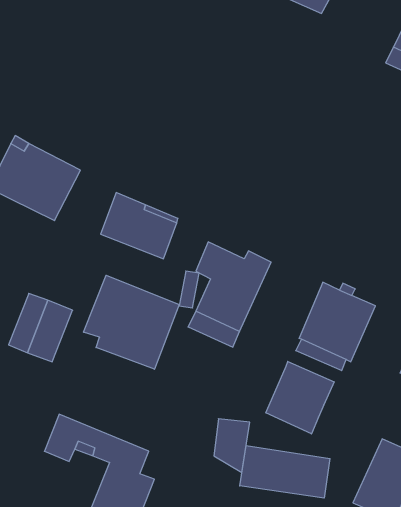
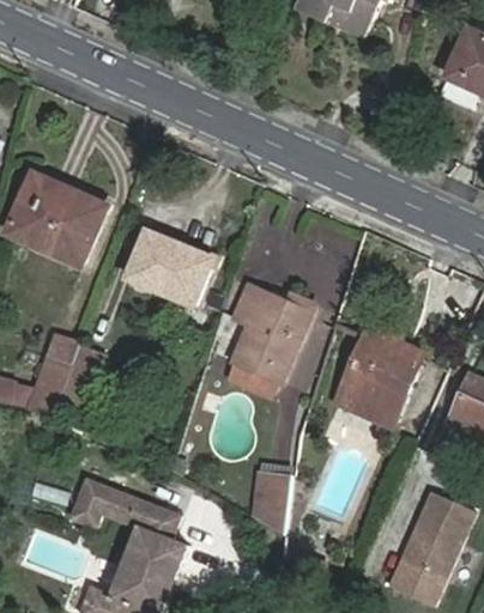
building: [84,275,179,369] -> none
building: [266,361,334,434] -> none
building: [240,446,330,498] -> none

